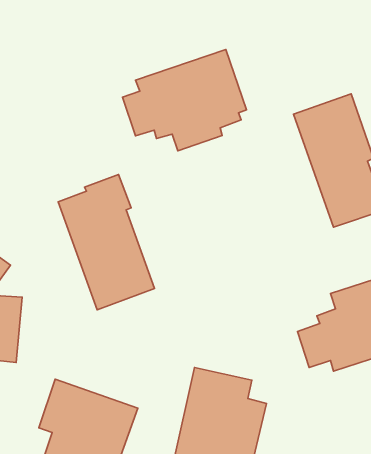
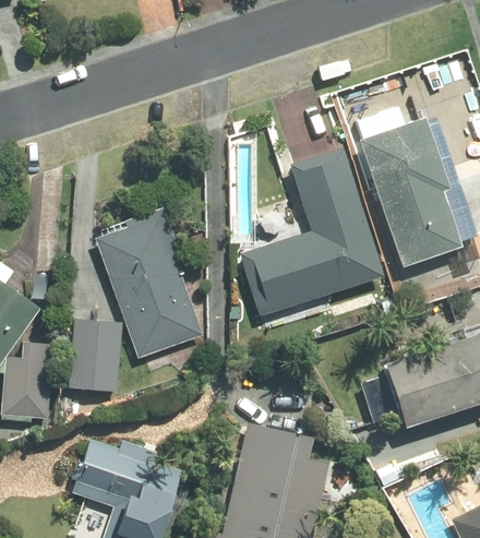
building: [122,49,246,151] -> none
building: none -> [241,150,384,316]
building: none -> [70,321,122,392]

